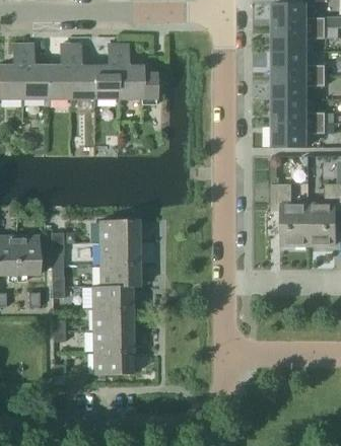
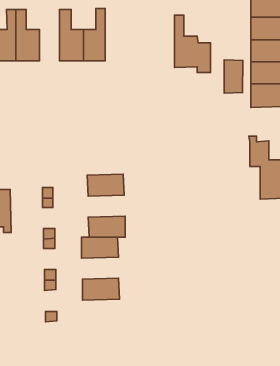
building: [118,42,156,102] -> [174,15,211,72]
building: [48,43,69,97] -> none
building: none -> [224,60,243,93]
building: [16,234,40,280] -> none
building: [99,240,139,264] -> none
building: [92,306,132,329] -> none
building: [93,351,133,374] -> none

